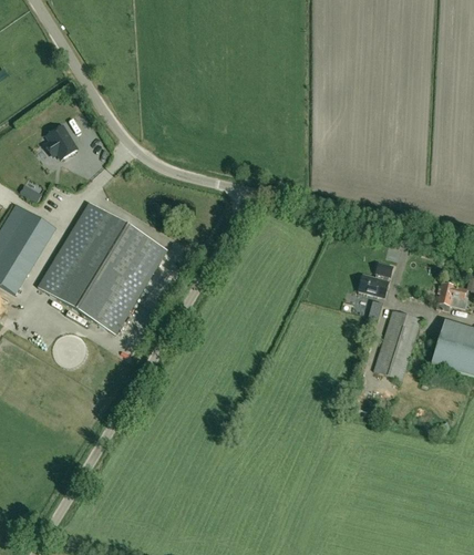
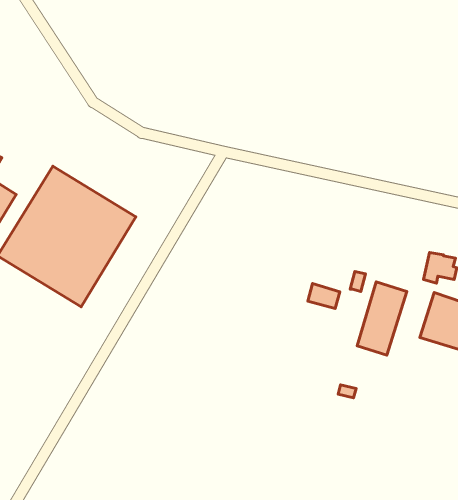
building: [47,125,76,158] -> none
building: [359,274,389,297] -> [308,284,340,308]

